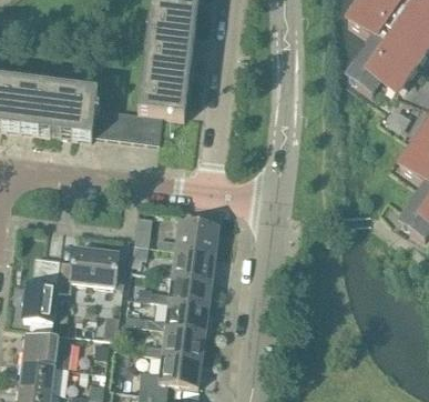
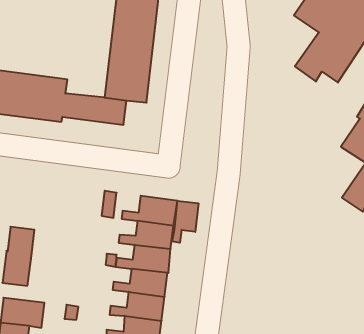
building: none -> [172,201,198,243]
building: [58,247,120,288] -> none

